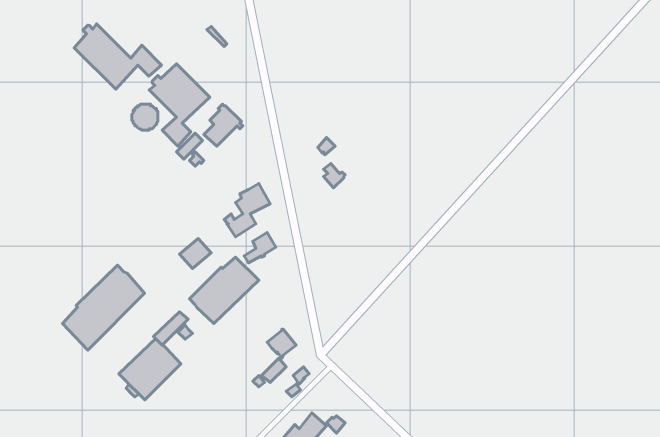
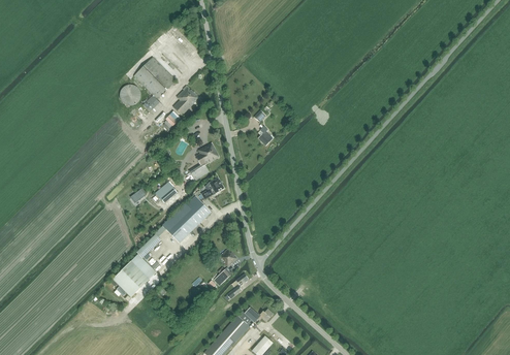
building: [74,24,162,89] -> none
building: [62,265,145,350] -> none

